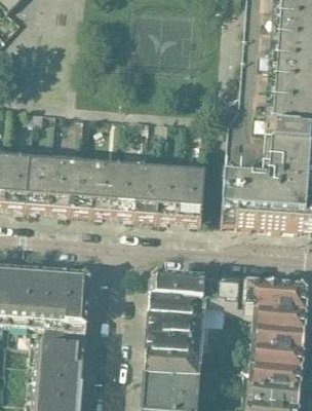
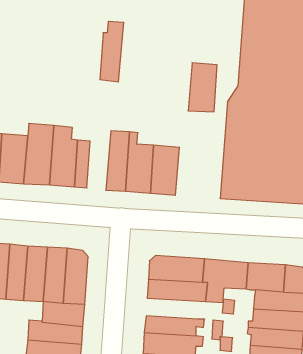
building: [89,152,113,212] -> [100,21,124,82]
building: [177,170,205,218] -> [188,63,217,112]
building: [148,319,206,339] -> none

